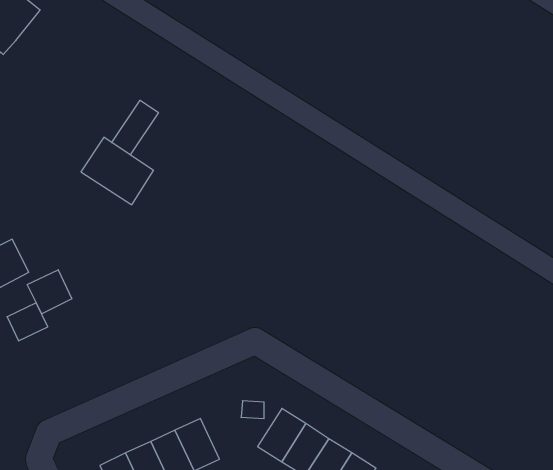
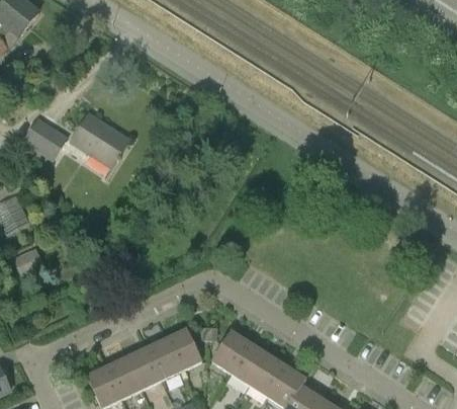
building: [112,100,158,155] -> none
building: none -> [21,114,68,159]
building: [27,270,72,314] -> none
building: none -> [166,328,201,371]

